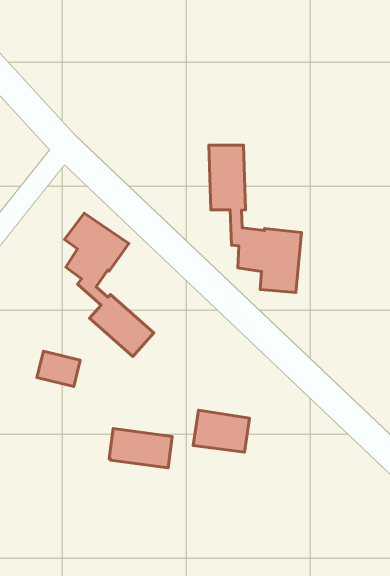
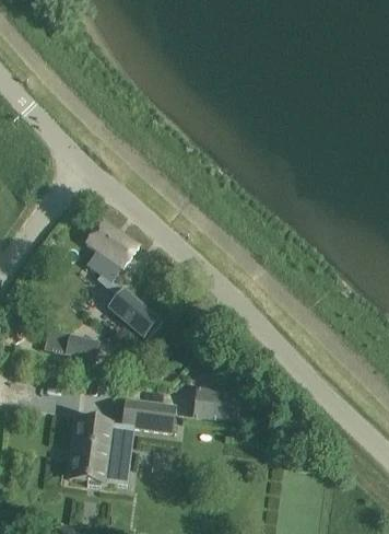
building: [209,145,301,292] -> none
building: none -> [69,417,129,485]

